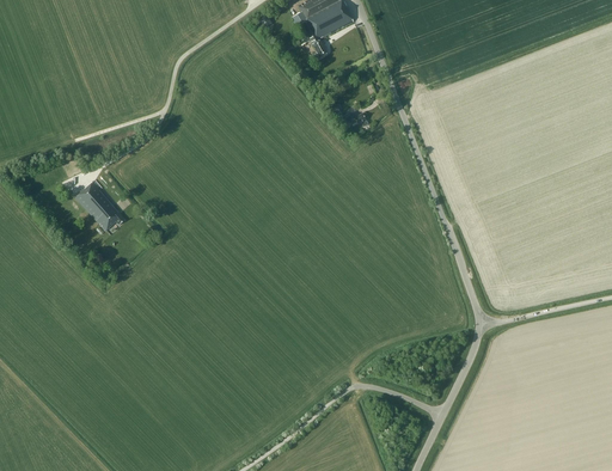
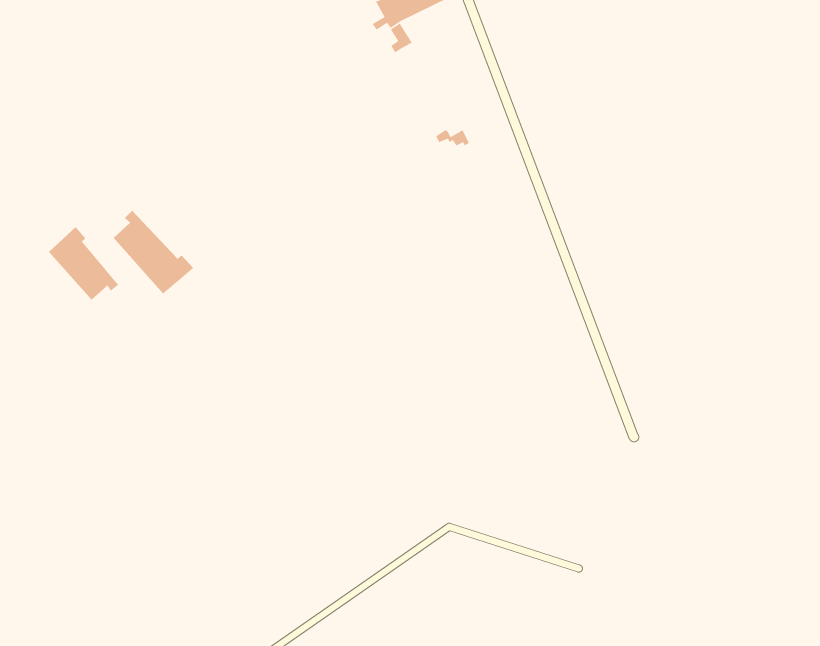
building: none -> [113,210,194,294]

